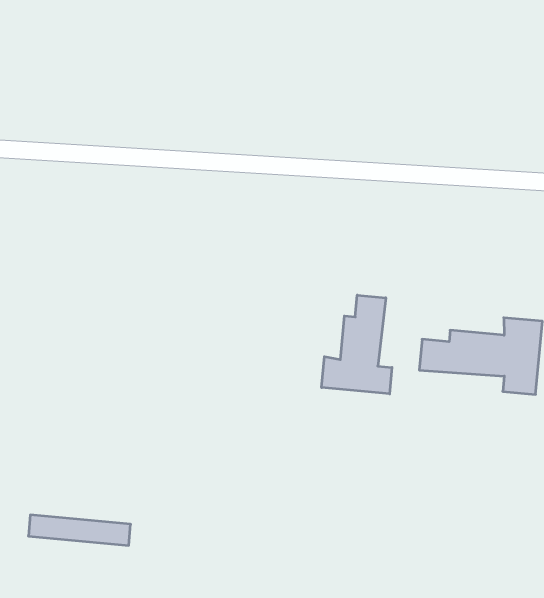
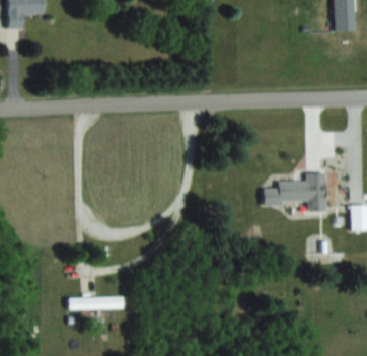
building: [322,295,392,394] -> none

